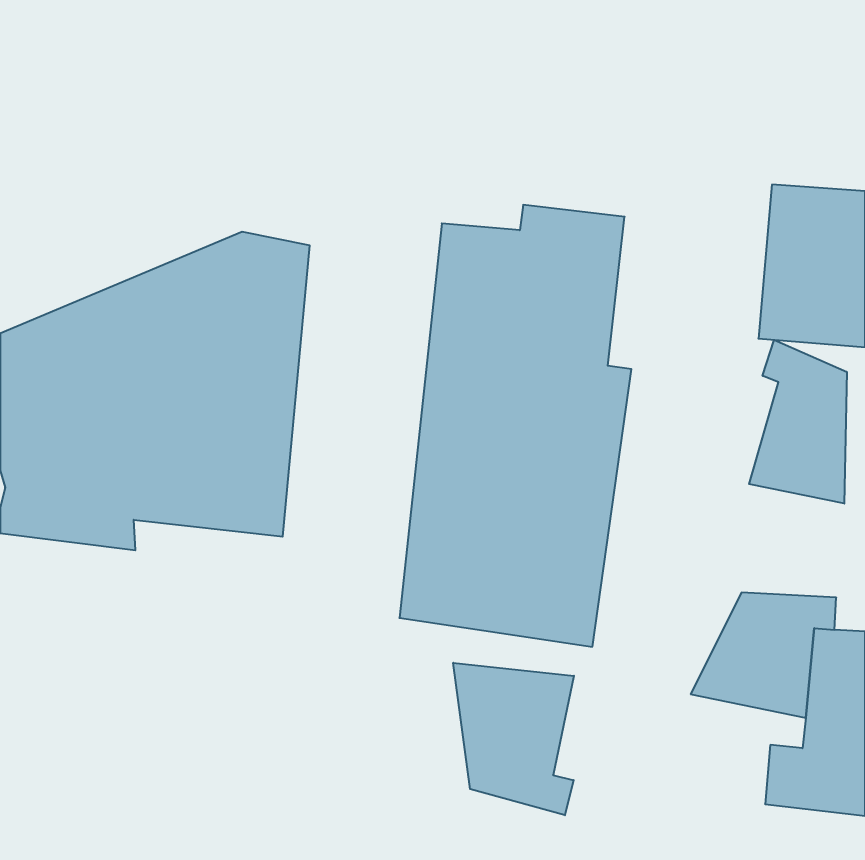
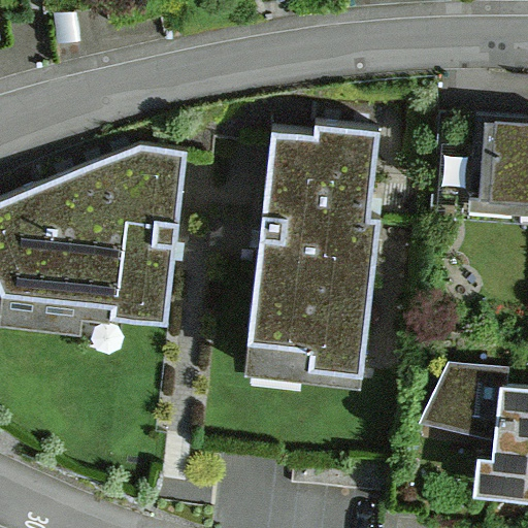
building: [749,340,847,504] -> none
building: [453,663,574,815] -> none

